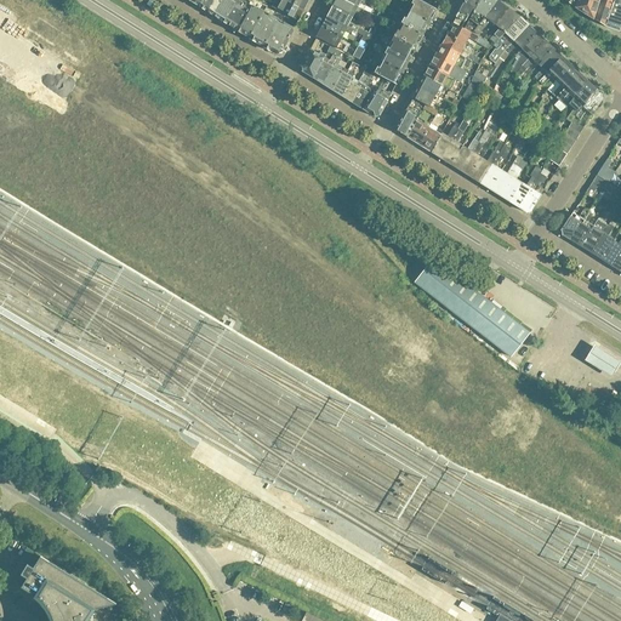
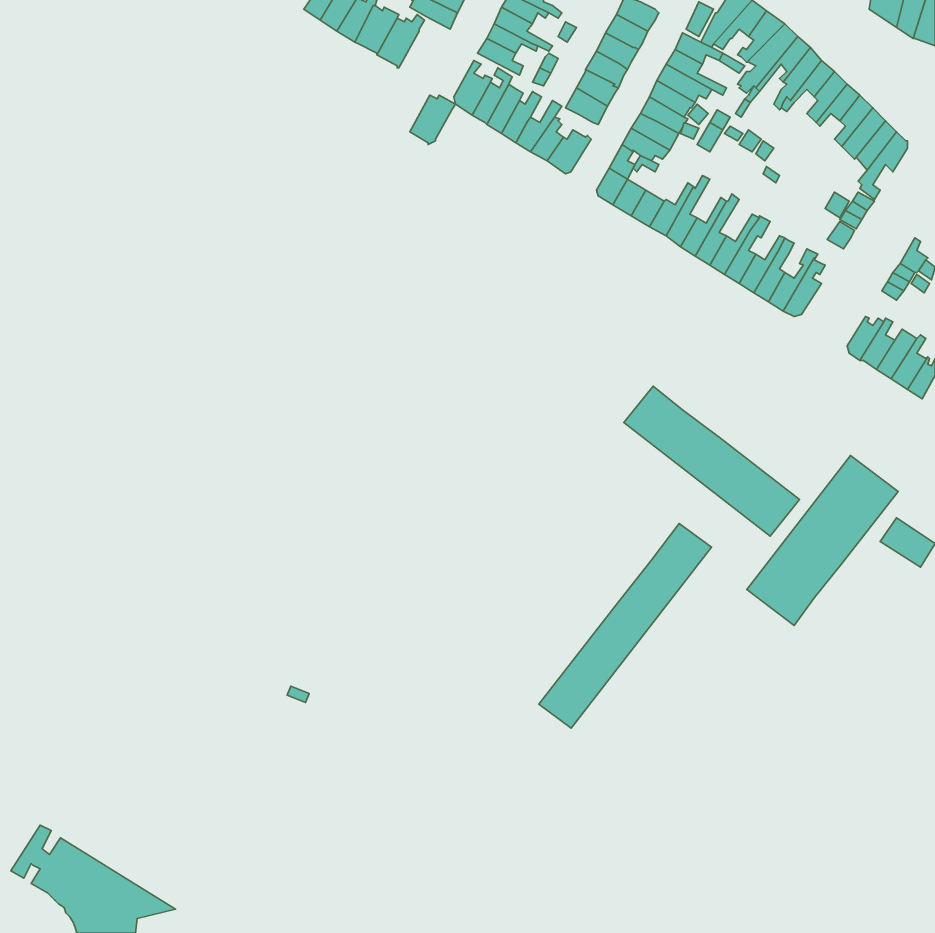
building: [264,21,295,53] -> [410,95,456,145]
building: none -> [747,455,898,625]
building: none -> [539,523,712,728]

